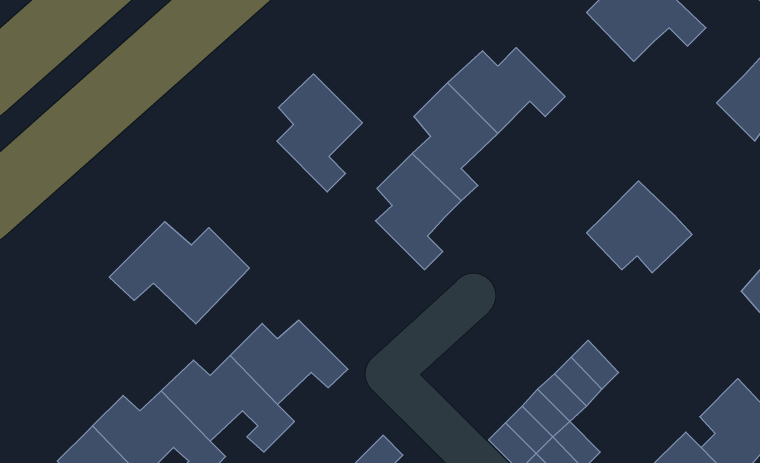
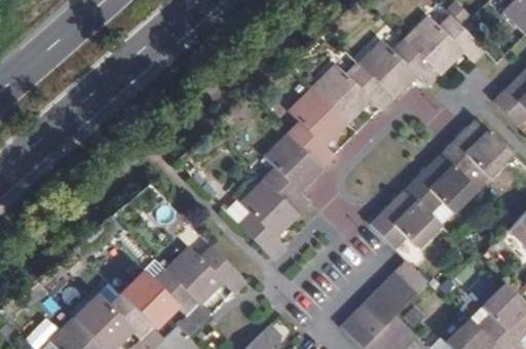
building: none -> [359,40,438,96]
building: [277,74,362,192] -> [239,180,297,259]
building: none -> [441,117,513,179]
building: [109,222,249,324] -> none
building: none -> [370,188,441,248]

